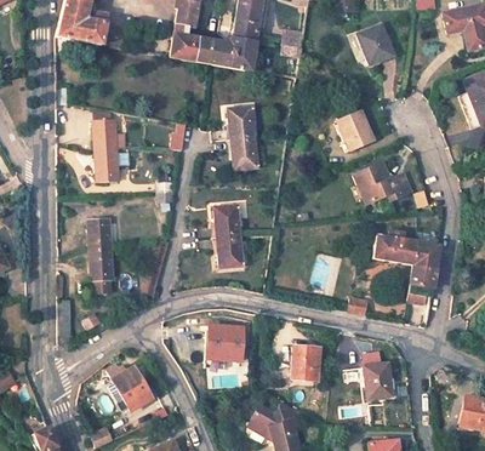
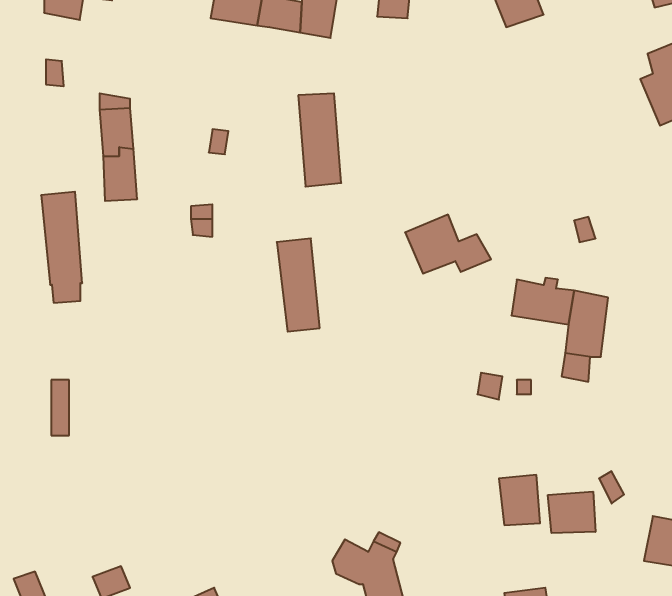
building: [336,108,372,149] -> none
building: [350,160,409,200] -> [405,215,491,274]
building: [89,215,116,290] -> [41,192,82,303]
building: [205,329,244,364] -> none
building: [291,349,319,382] -> none
building: [112,370,152,413] -> none
building: none -> [548,492,595,533]

